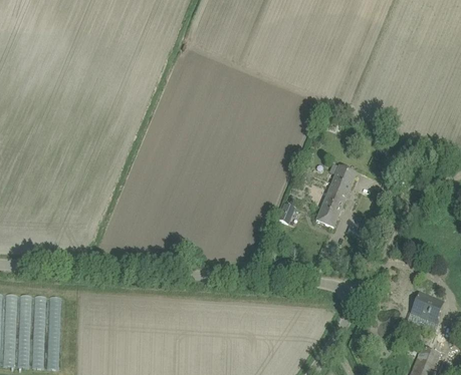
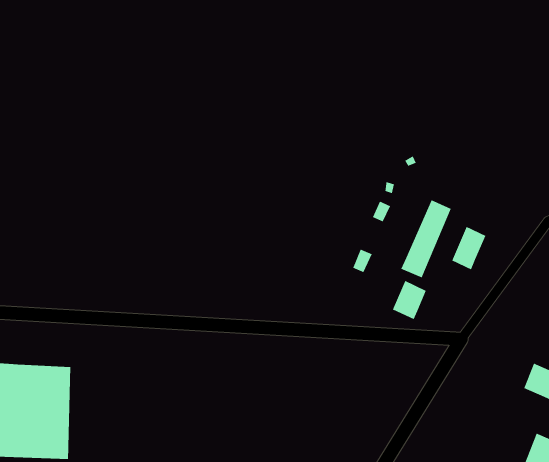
building: none -> [451,226,487,271]
building: none -> [392,280,427,320]

